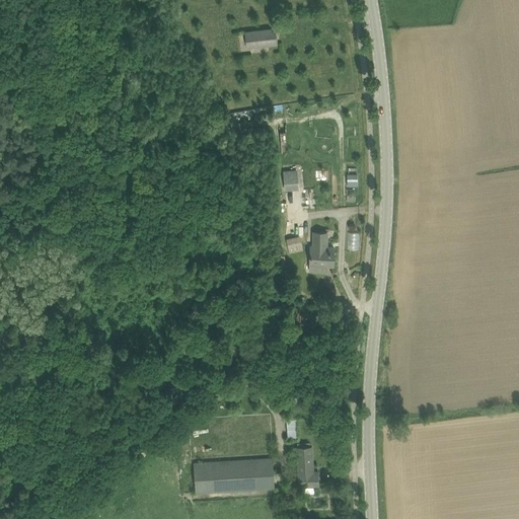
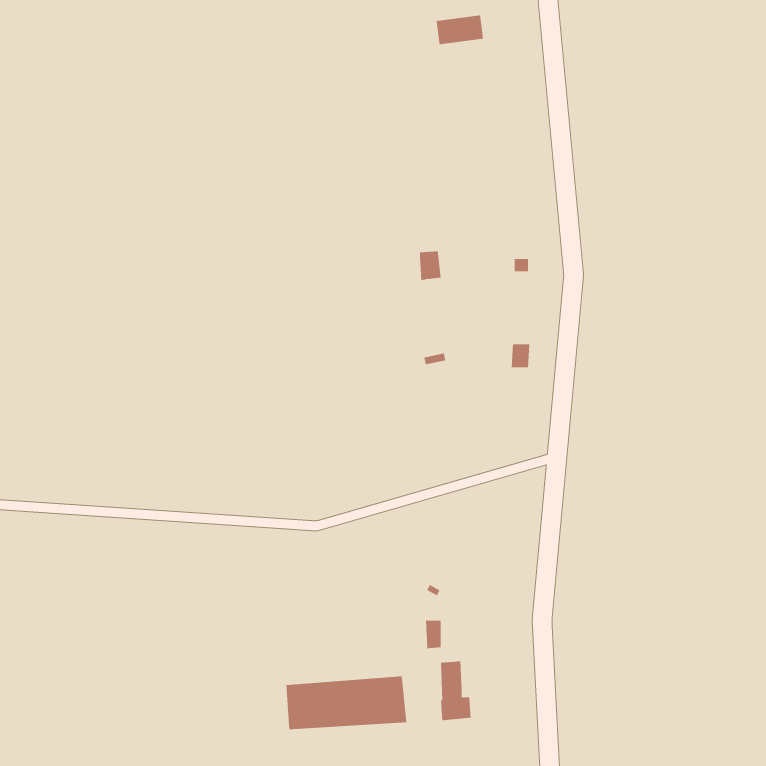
building: [245,28,278,49] -> [436,15,484,45]
building: [308,233,333,273] -> none

